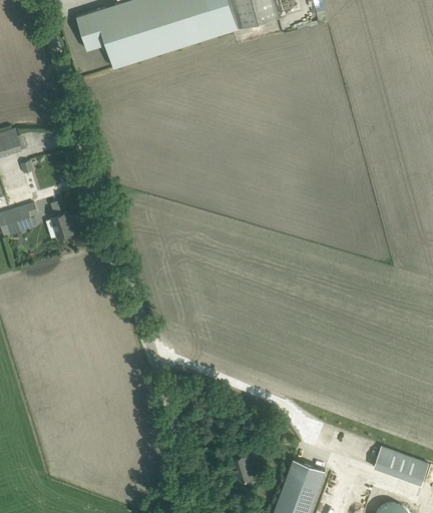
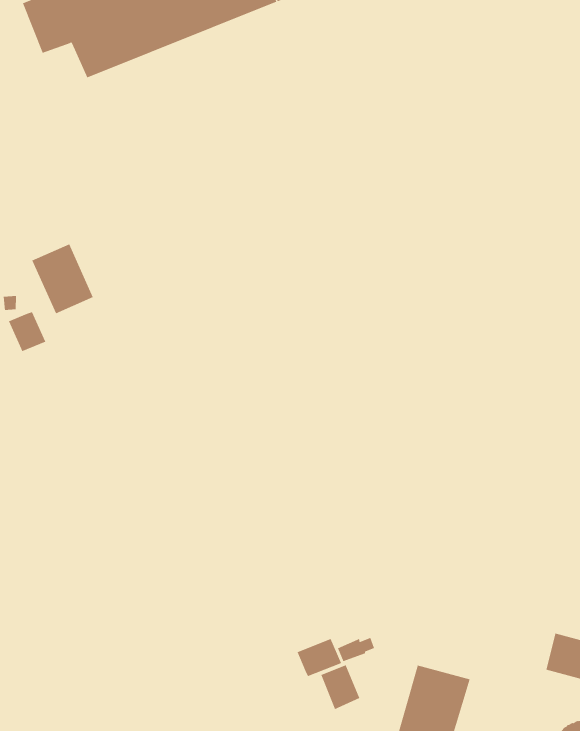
building: none -> [32,243,94,314]
building: none -> [297,638,342,677]

